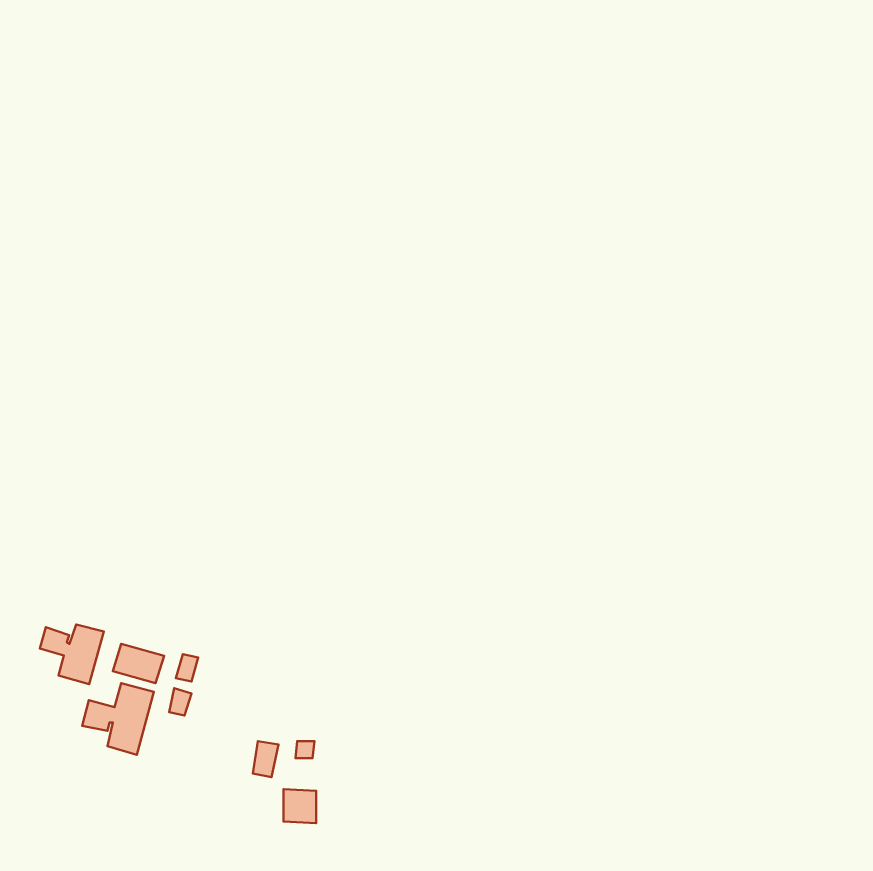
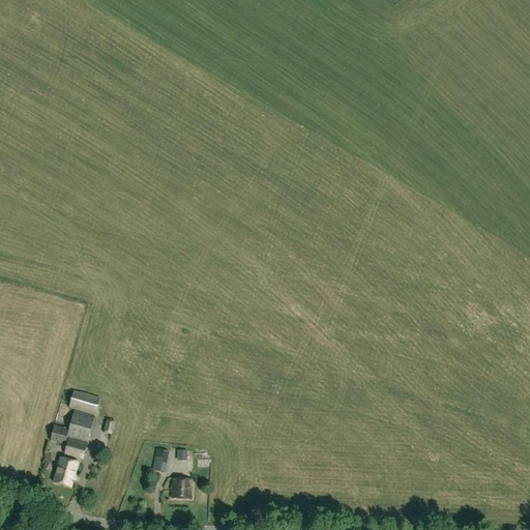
building: [40,624,104,684] -> none
building: none -> [54,457,78,487]

